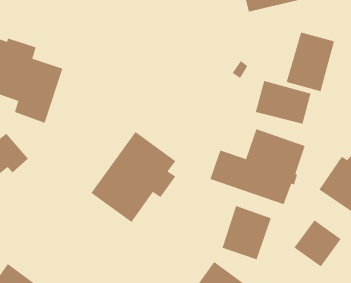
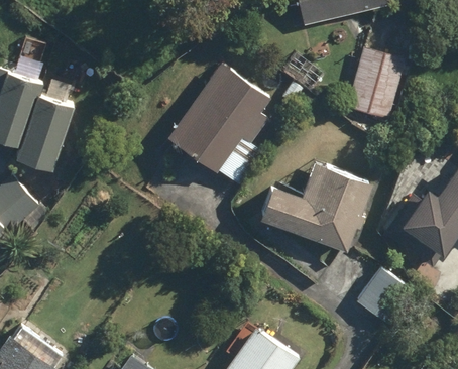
building: [255,80,311,125] -> none
building: [91,131,176,223] -> [165,67,266,174]
building: [222,205,271,260] -> none

